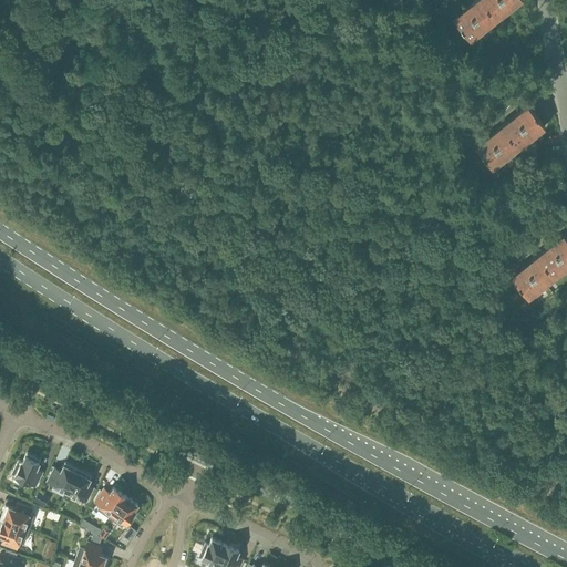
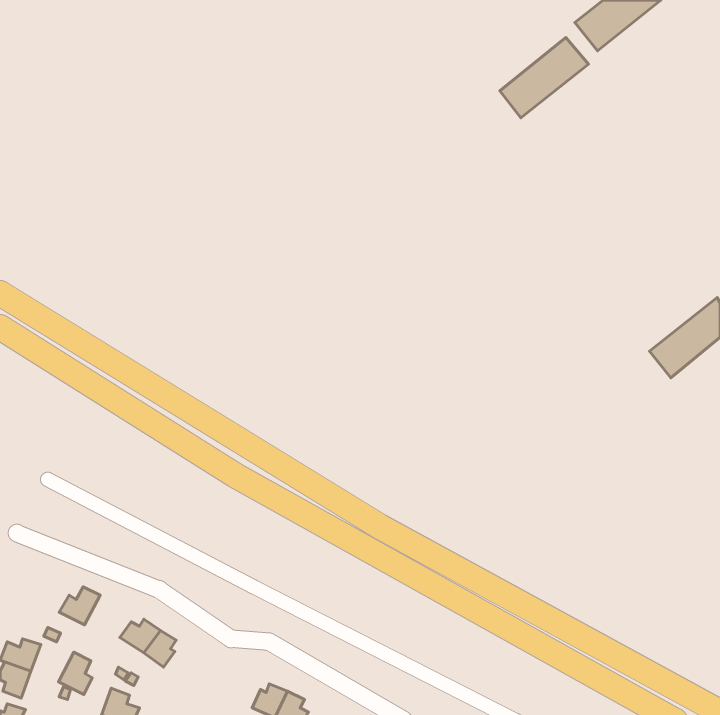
building: [475,109,545,172] -> [500,37,589,118]
building: [11,456,42,489] -> none
building: [66,472,93,505] -> [58,652,92,695]

